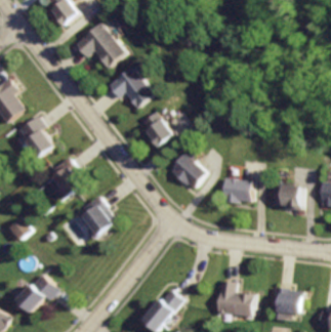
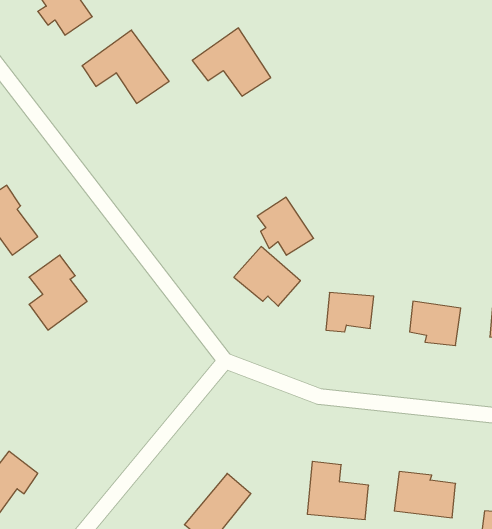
building: [109,66,156,107] -> [192,28,271,96]
building: [144,112,178,147] -> [257,197,314,255]
building: [76,196,111,239] -> none

